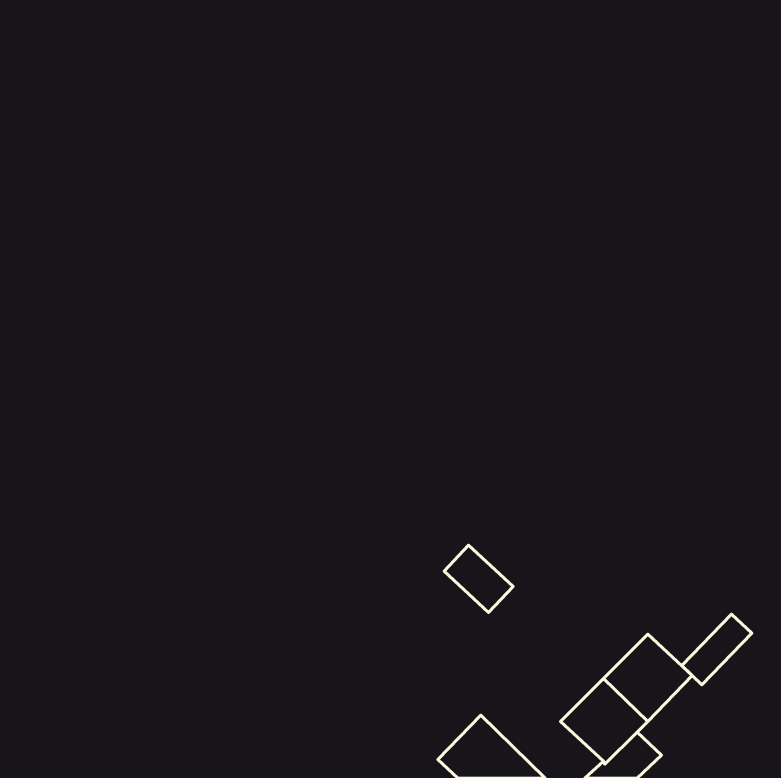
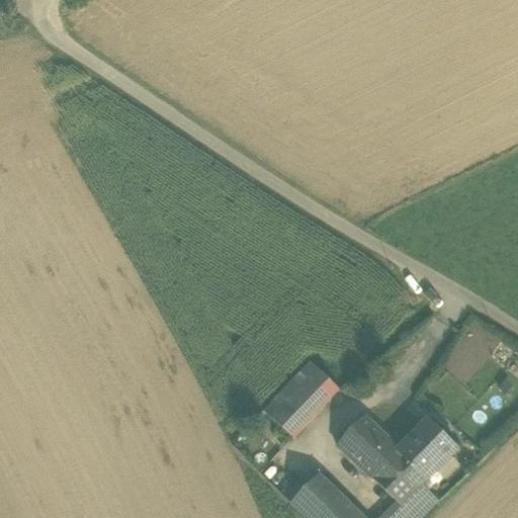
building: none -> [263,377,323,437]
building: [682,614,752,685] -> none
building: none -> [336,415,399,477]

